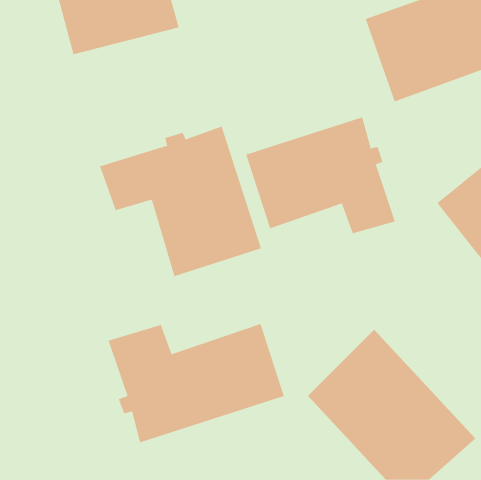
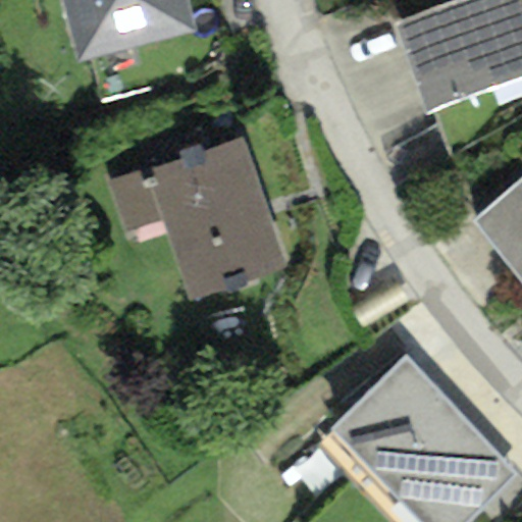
building: [245,116,396,234] -> none
building: [108,323,284,443] -> none

